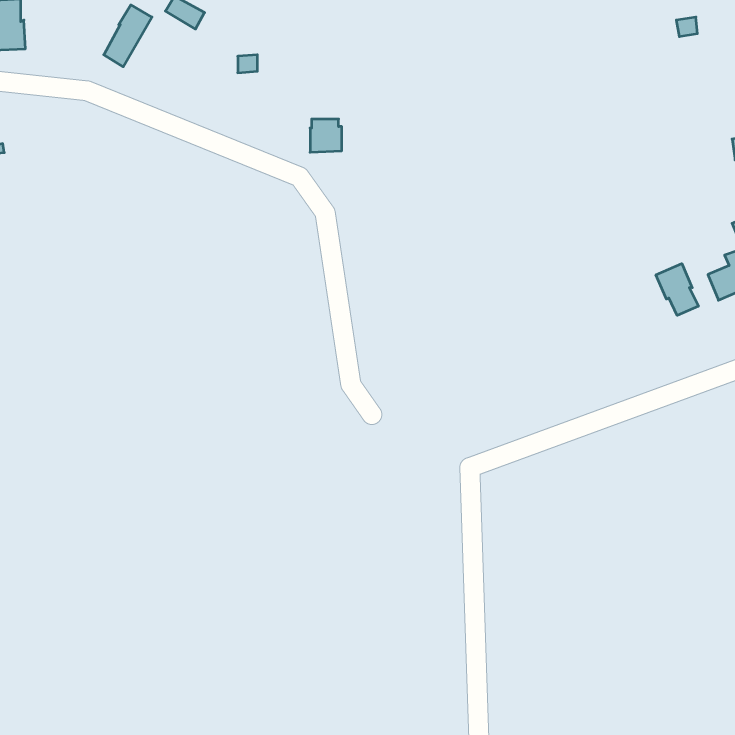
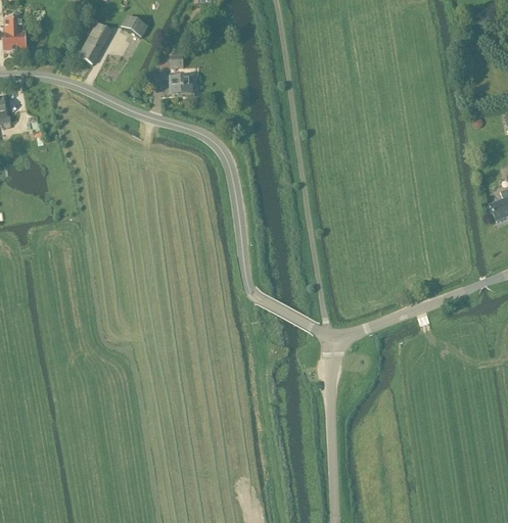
building: [310,119,342,152] -> [171,73,192,95]
building: [656,264,698,315] -> none

